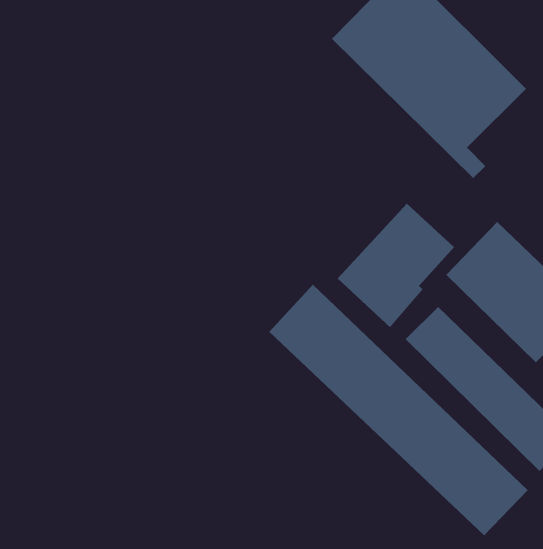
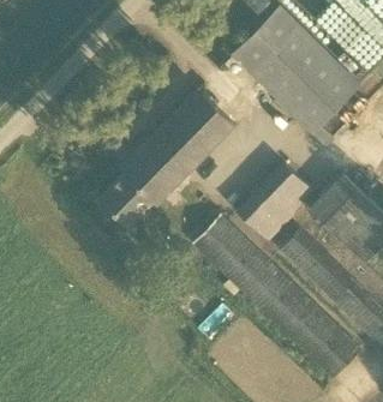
building: none -> [101,90,234,226]

